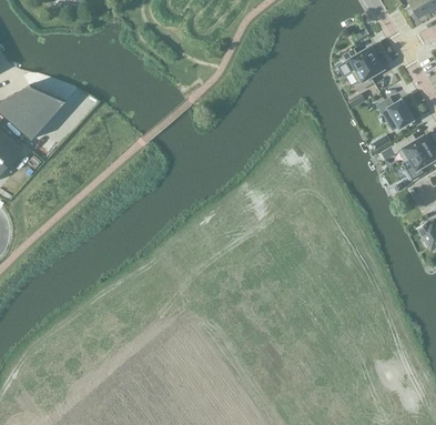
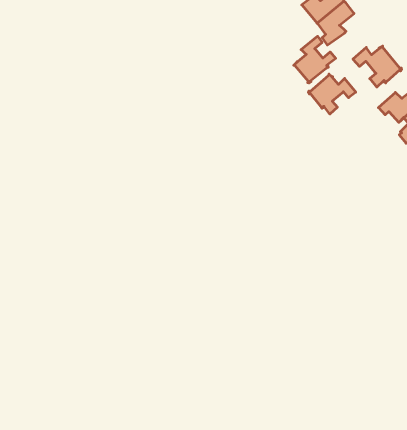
building: none -> [294,36,336,83]
building: none -> [308,74,356,114]

